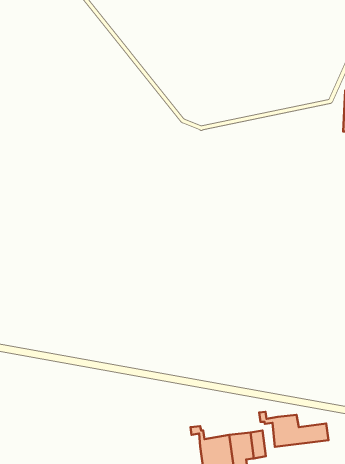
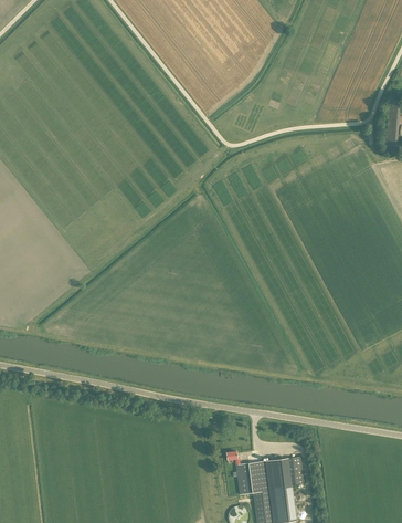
building: [259,412,328,447] -> none

